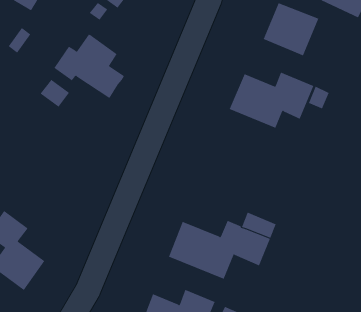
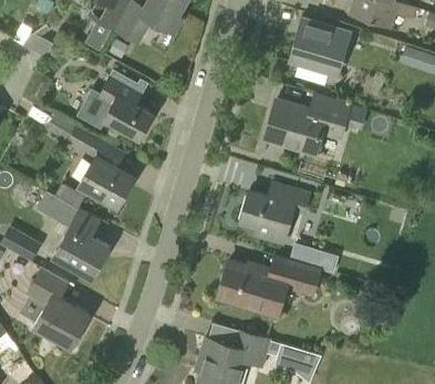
building: none -> [79,141,134,207]
building: none -> [37,191,108,278]
building: none -> [240,189,311,239]

